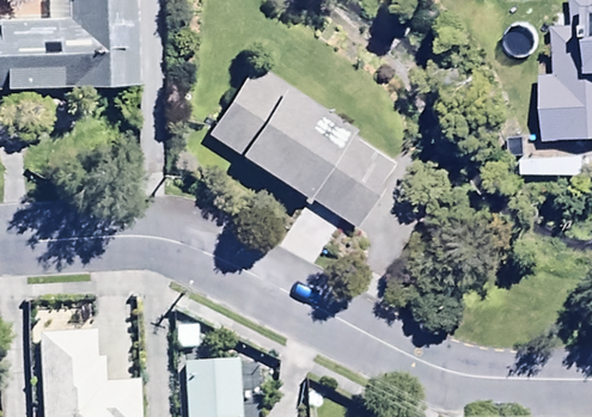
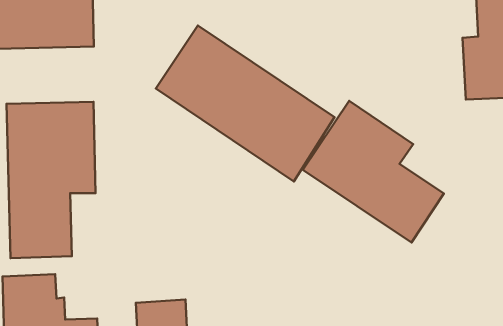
building: none -> [303,101,444,243]
building: none -> [7,102,96,258]

